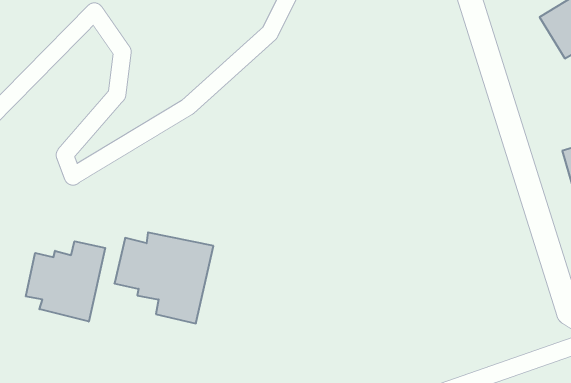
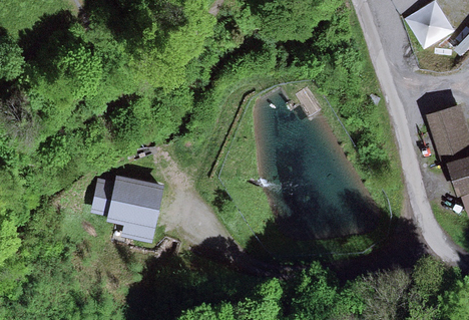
building: [26,241,105,322] -> none

